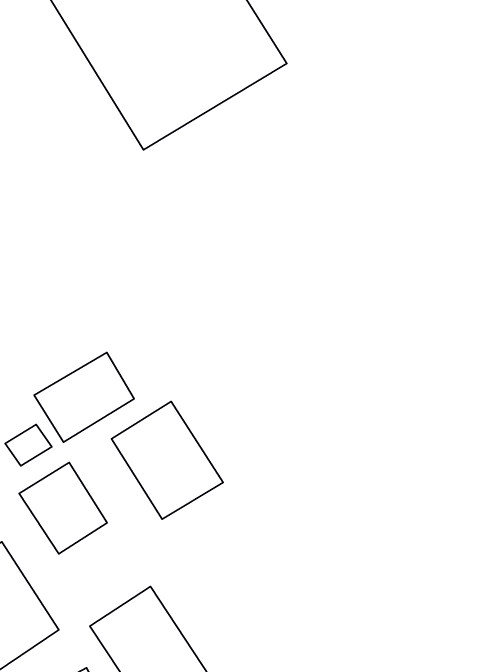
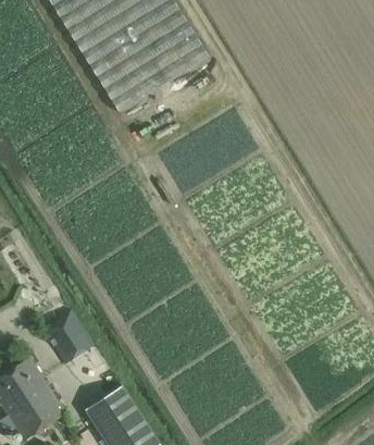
building: [34,353,134,442] -> none
building: [111,401,223,519] -> none

